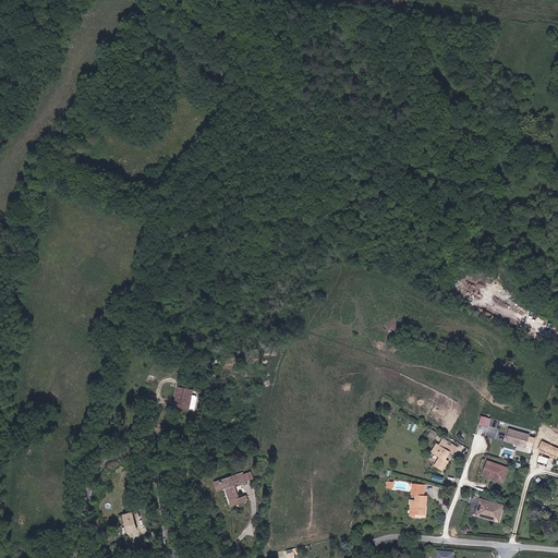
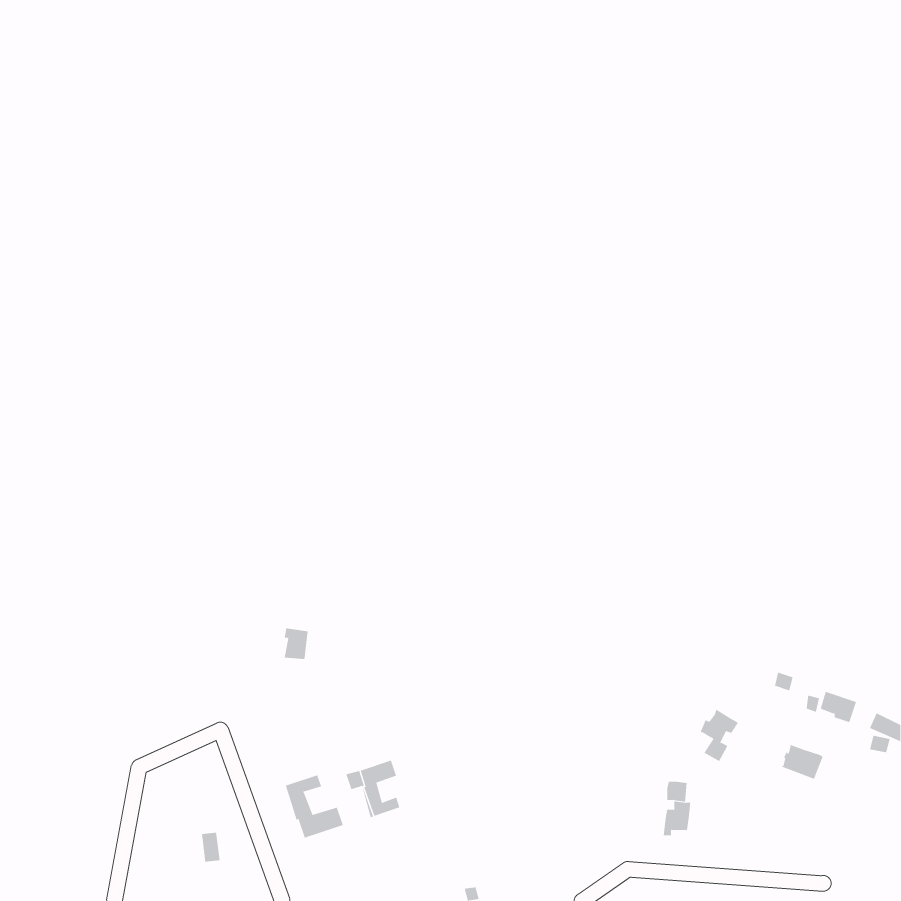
building: none -> [285,774,343,839]
building: [475,498,505,522] -> none

